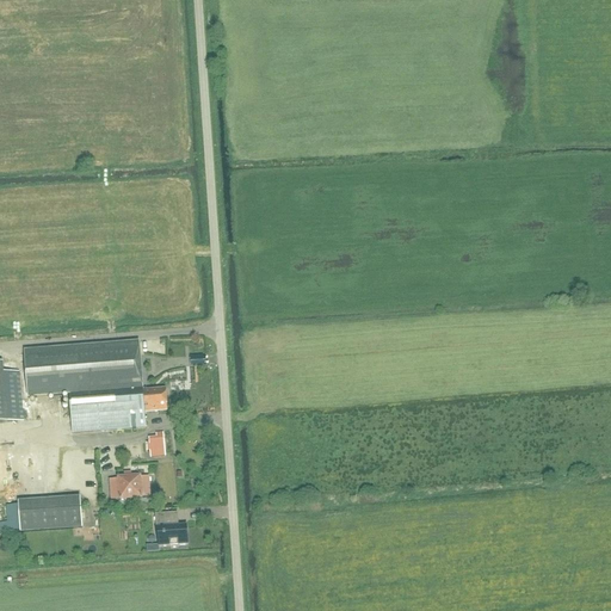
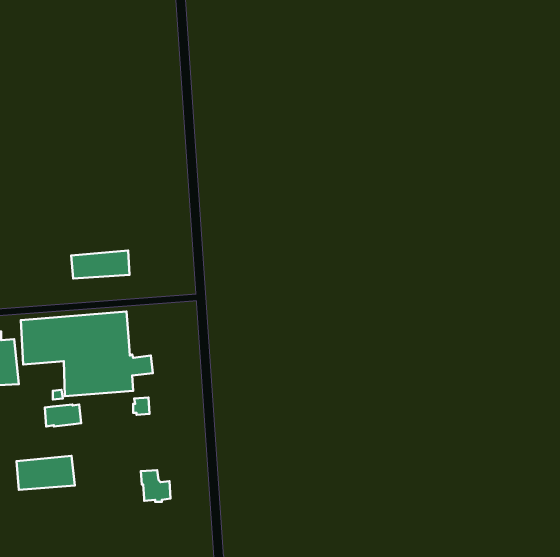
building: none -> [71,251,129,278]
building: [109,471,148,495] -> [45,404,81,426]

